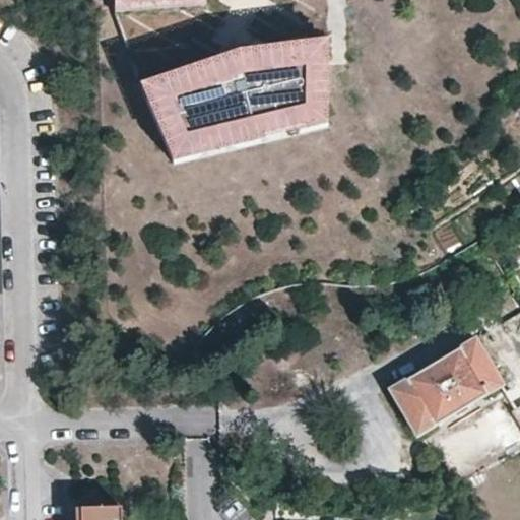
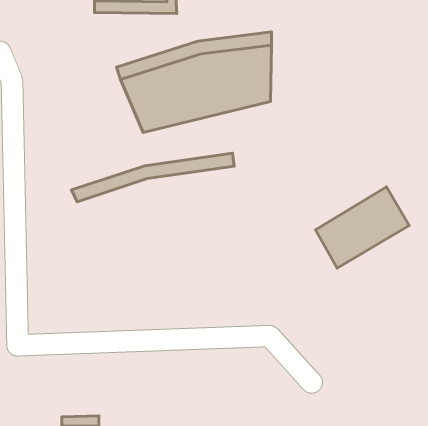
building: none -> [71,153,234,202]
building: [390,332,504,431] -> [315,187,409,268]

